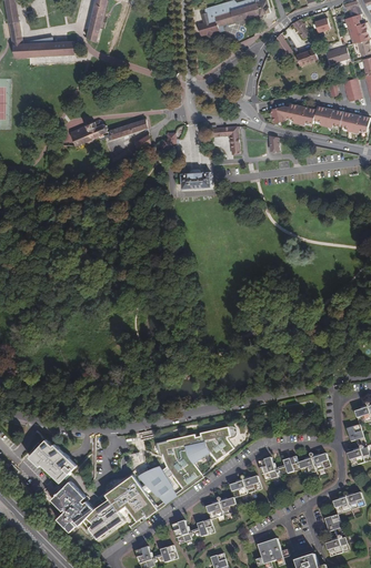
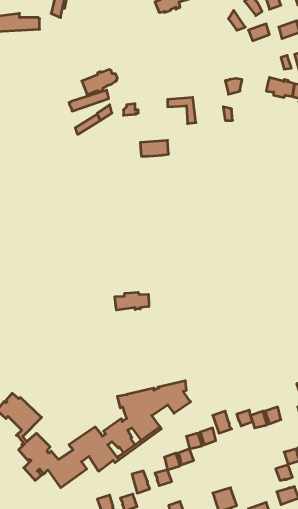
building: [285,103,315,124] -> none
building: [69,119,107,145] -> [82,70,117,95]
building: none -> [115,292,149,310]

